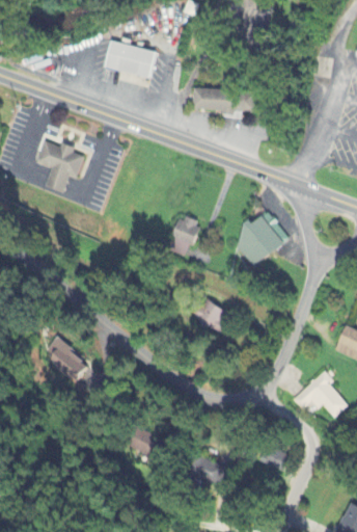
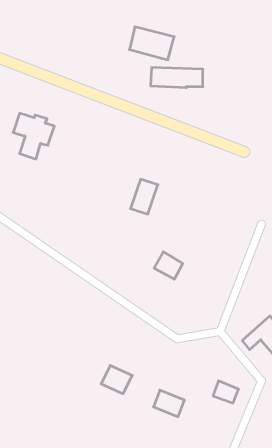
building: [102,41,153,78] -> [129,27,174,60]
building: [230,211,287,267] -> none
building: [45,338,88,379] -> none

